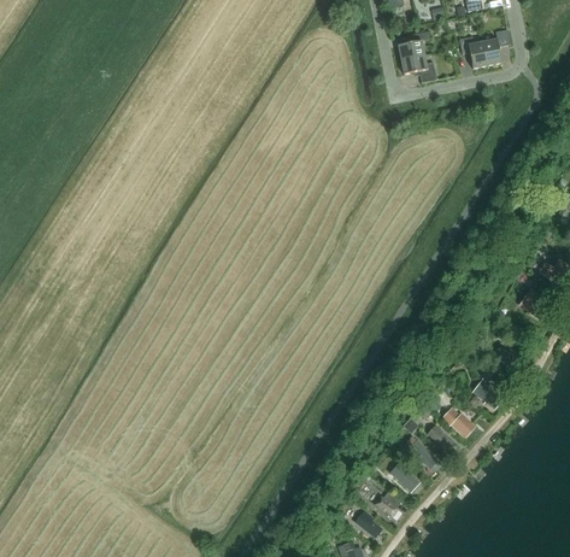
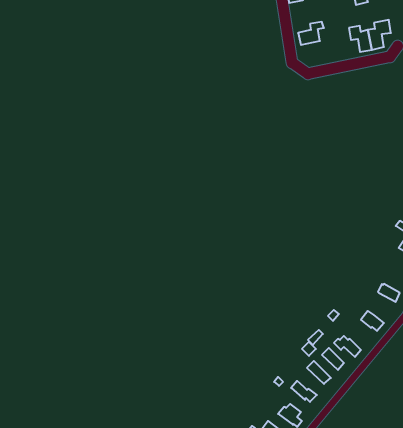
building: [401,54,436,82] -> none

